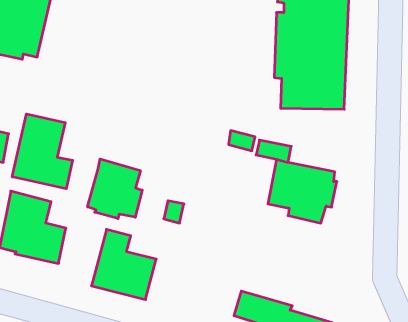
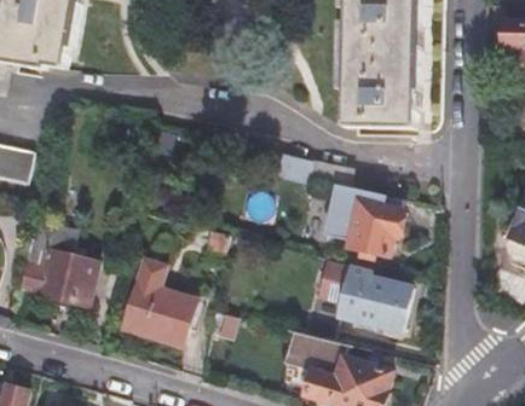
building: [12,114,73,189] -> none
building: [88,159,142,219] -> none
building: none -> [322,260,415,335]

